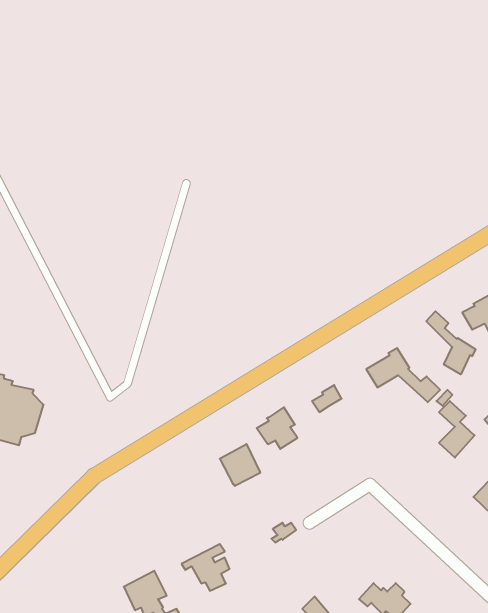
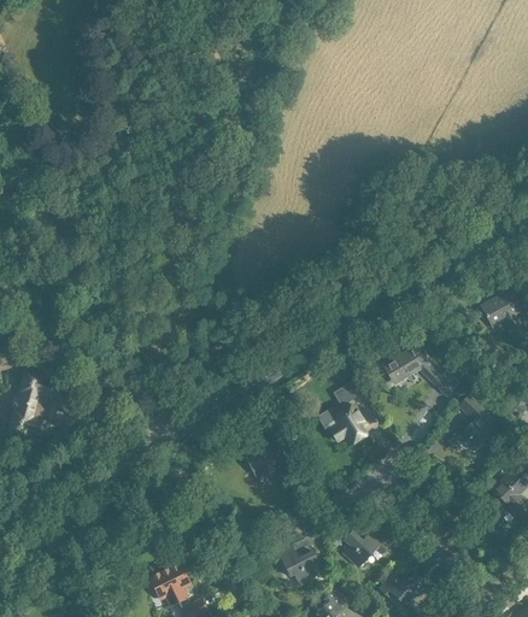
building: [426,311,475,374] -> none
building: [257,407,297,449] -> [327,405,366,446]
building: none -> [342,530,391,565]
building: [182,544,230,591] -> [271,537,318,583]

